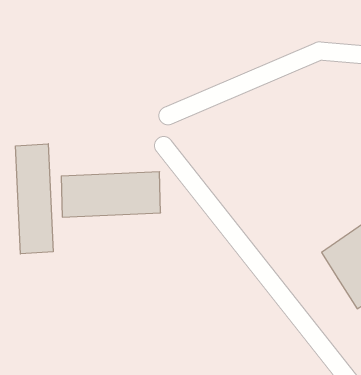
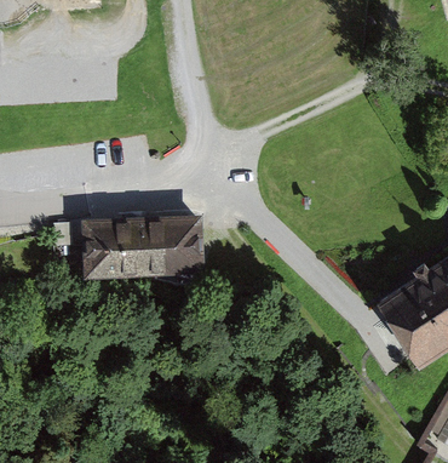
building: [16,144,53,254] -> none

